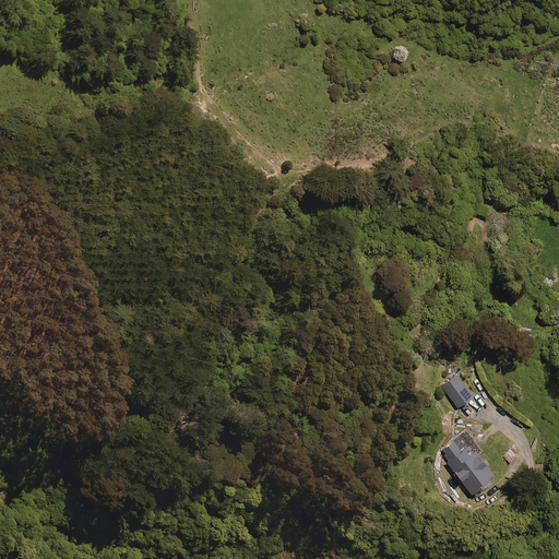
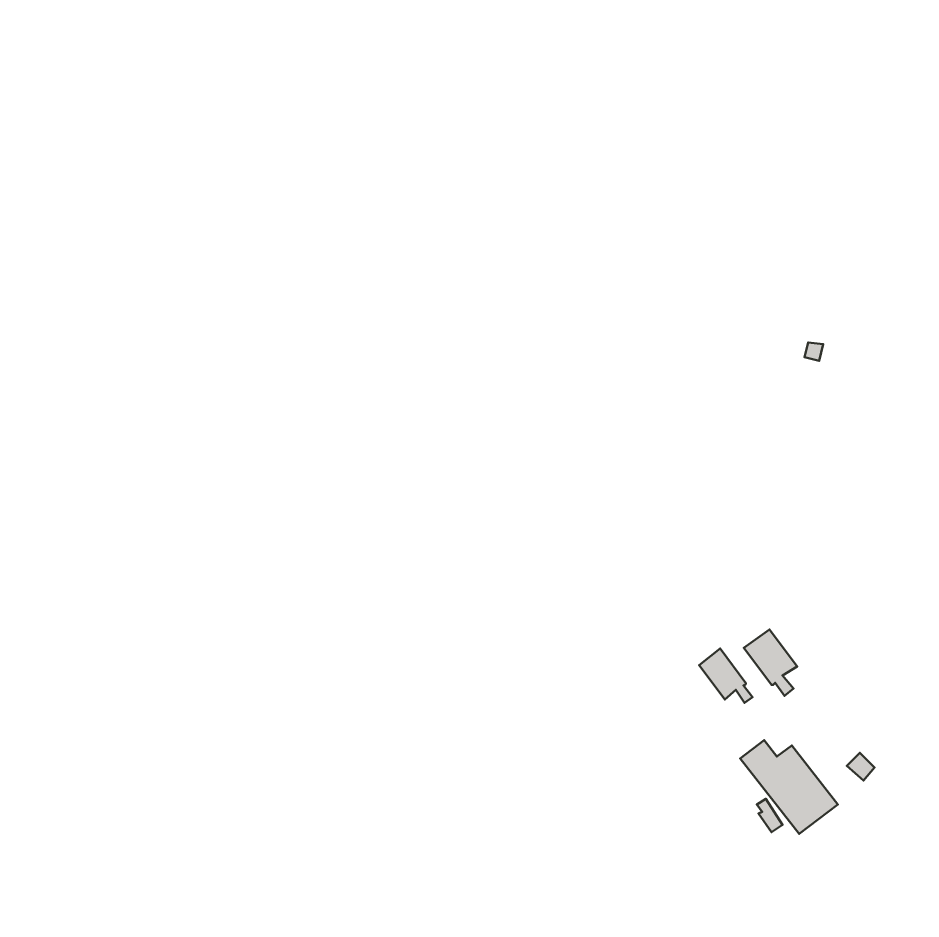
building: none -> [699,649,753,703]

